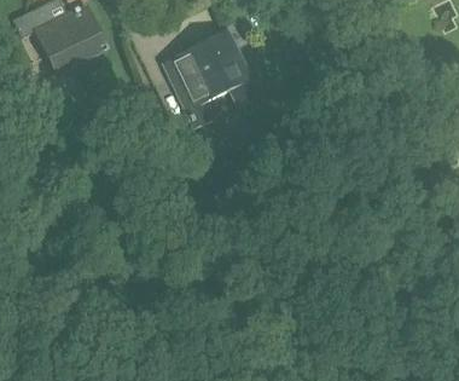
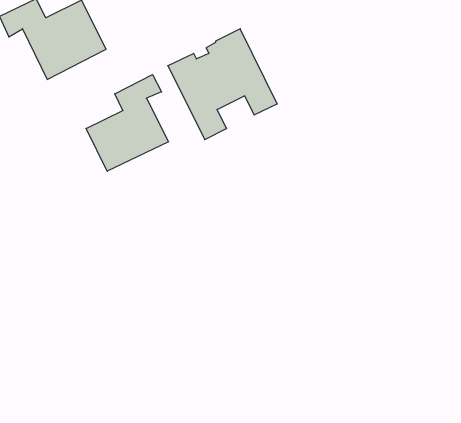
building: none -> [86,75,169,171]

